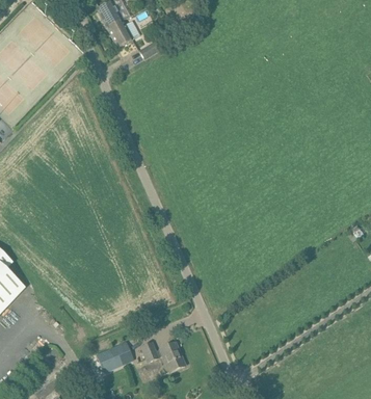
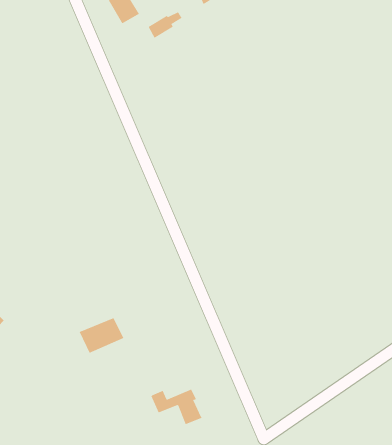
building: [98,341,134,370] -> [79,318,124,354]

